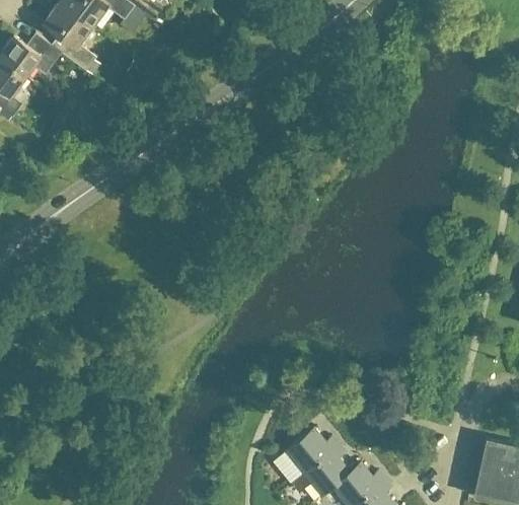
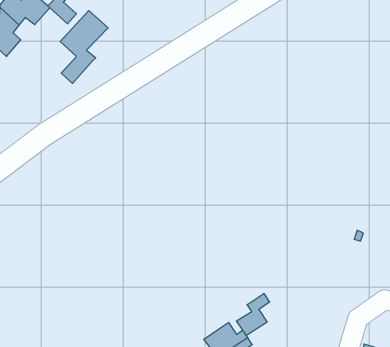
building: none -> [60,11,108,83]
building: none -> [236,293,270,336]

